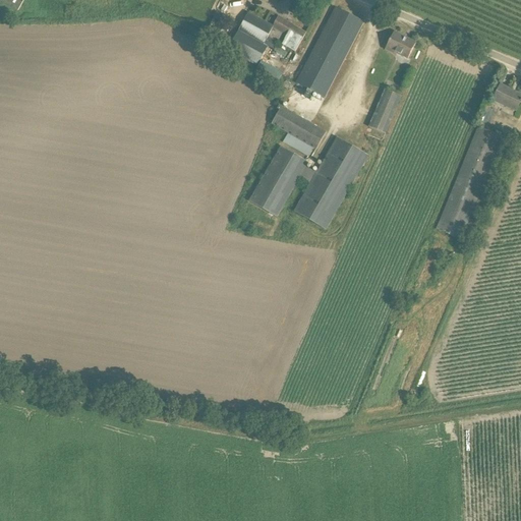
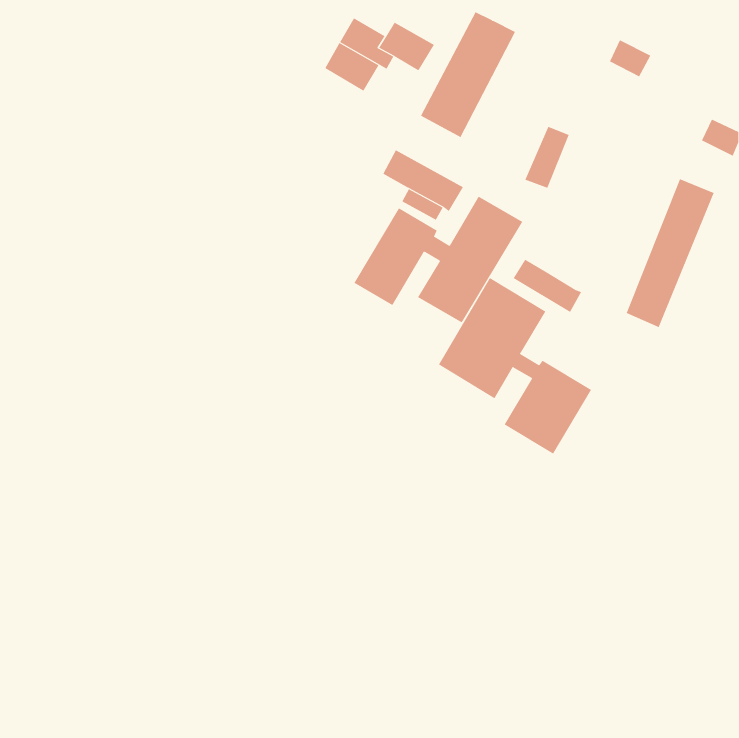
building: [386,31,415,57] -> [609,40,651,77]
building: none -> [513,259,582,313]
building: none -> [438,277,592,454]

